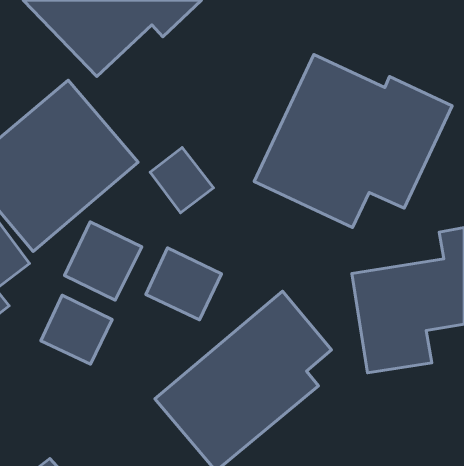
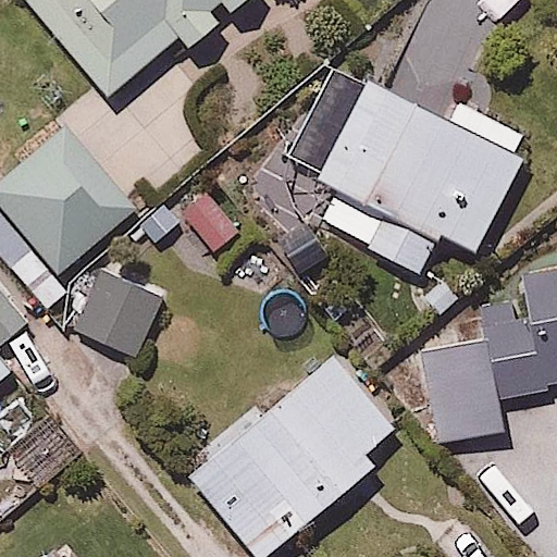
building: [146,248,222,320] -> none
building: [41,295,112,364] -> none

